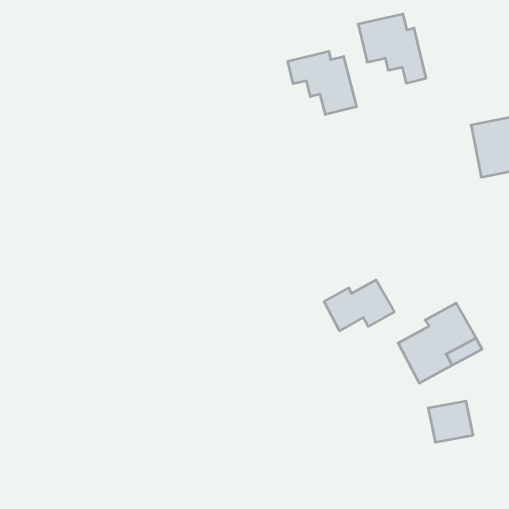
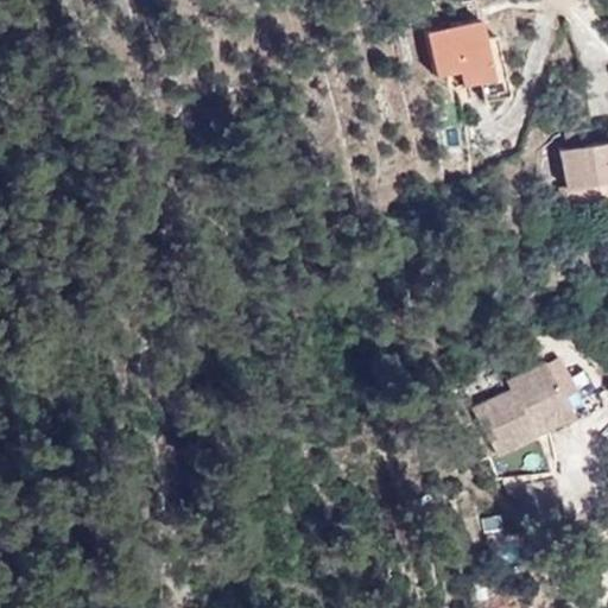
building: [288,51,356,115] -> none
building: [324,280,394,331] -> none

